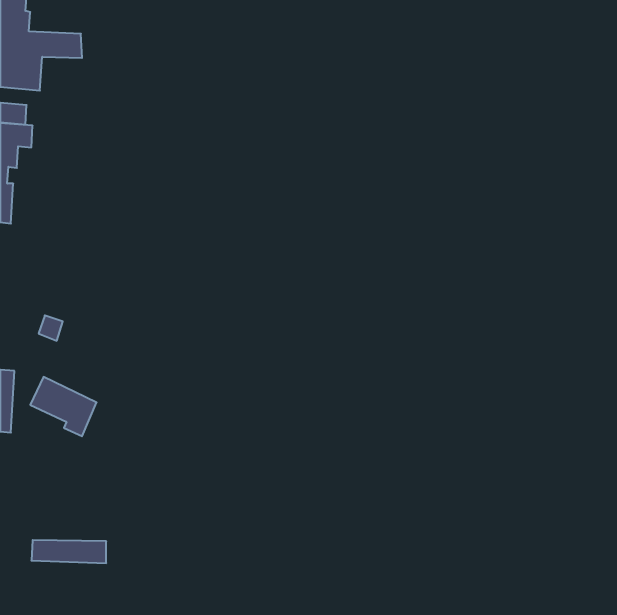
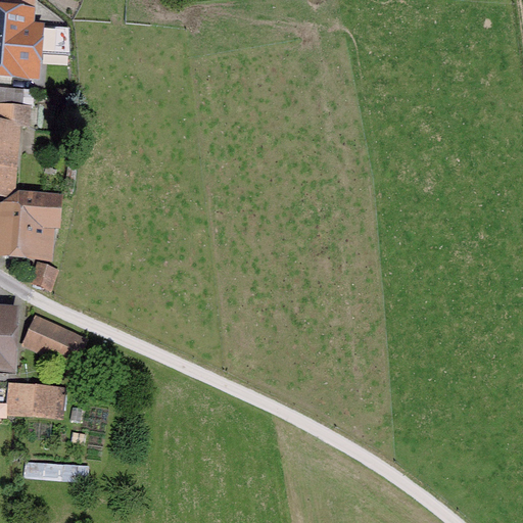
building: none -> [4,204,58,253]
building: none -> [9,387,60,414]

